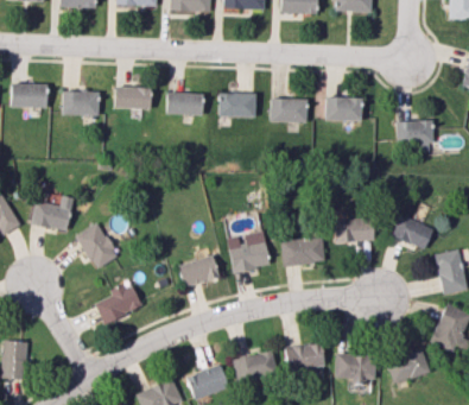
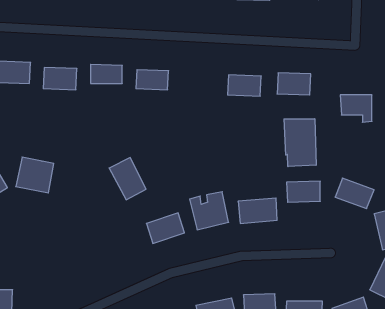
building: [220,93,256,118] -> none
building: none -> [284,119,316,167]
building: [76,222,118,270] -> [109,158,146,200]
building: [95,283,142,324] -> none

